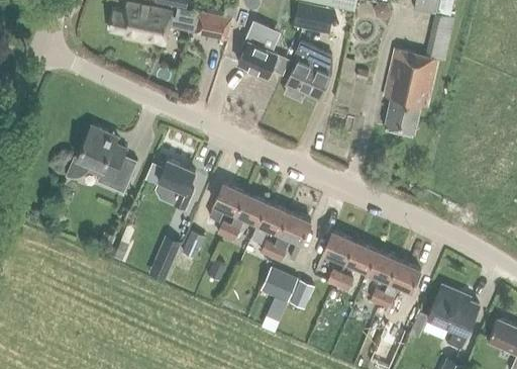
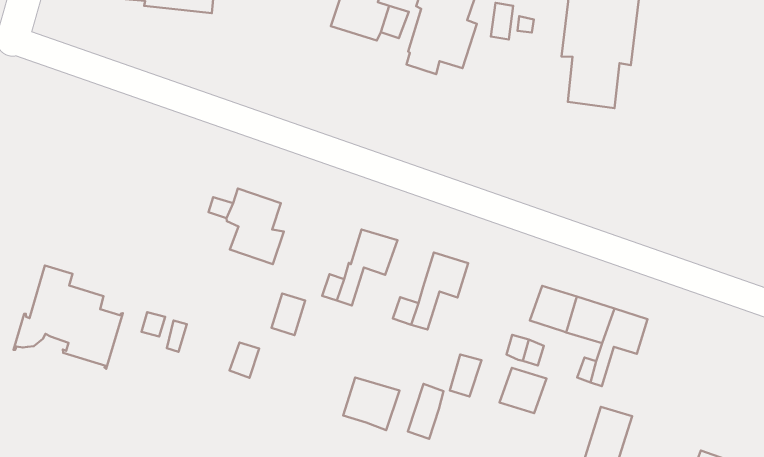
building: [66,126,137,196] -> [14,266,123,369]
building: [208,184,244,221] -> none
building: [250,203,289,244] -> none
building: [324,233,355,263] -> [500,368,546,413]
building: [260,267,297,302] -> [343,378,399,430]
building: [427,285,479,349] -> none

